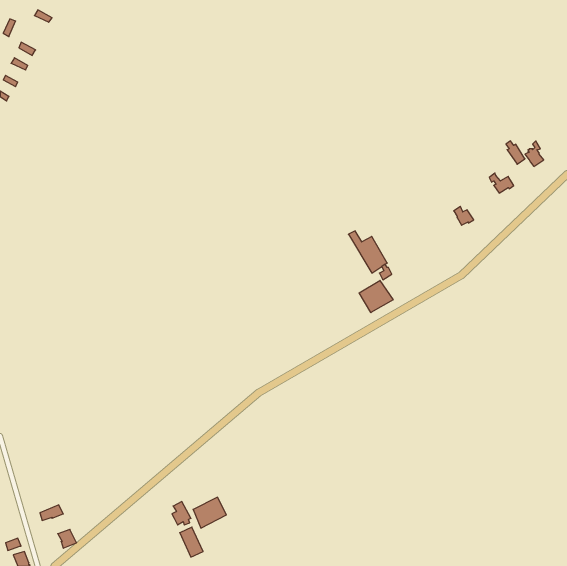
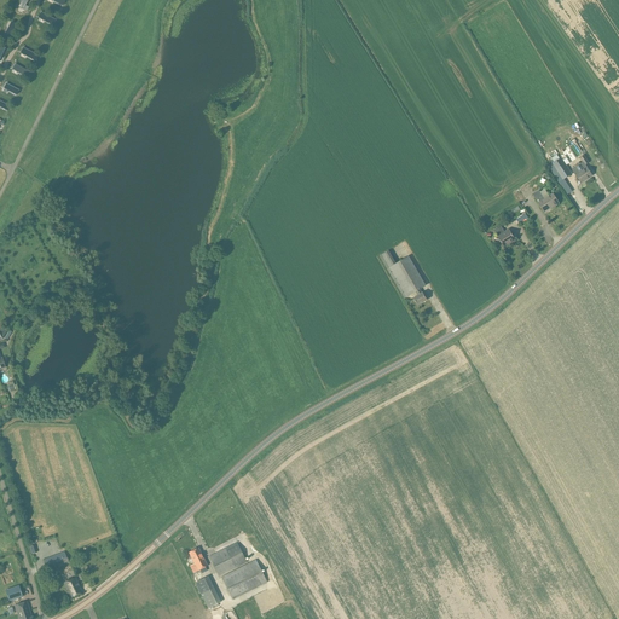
building: [359,280,393,313] -> none
building: none -> [221,560,266,598]

